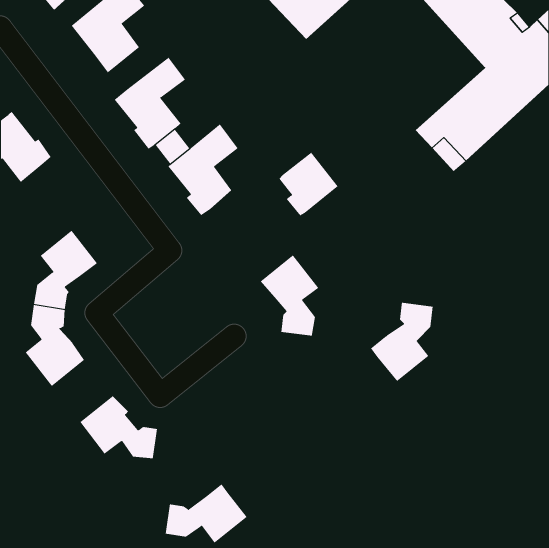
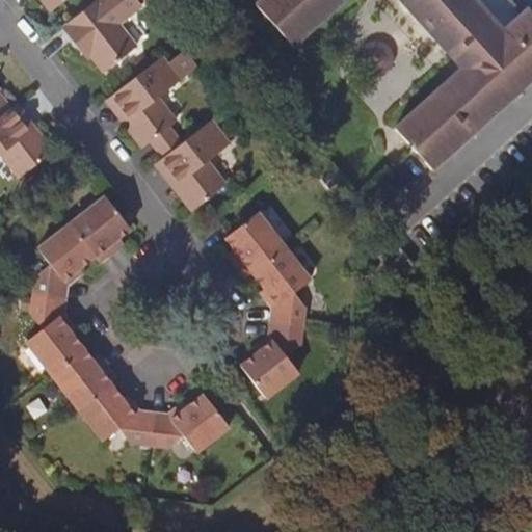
building: [278,152,339,216] -> [225,213,284,275]
building: none -> [70,195,130,261]
building: [370,302,433,382] -> [241,321,302,398]
building: none -> [50,348,115,408]
building: [165,483,248,544] -> [149,395,229,453]

